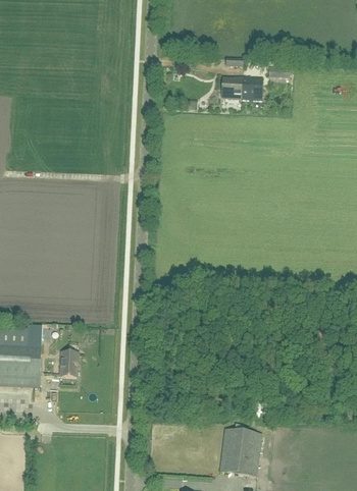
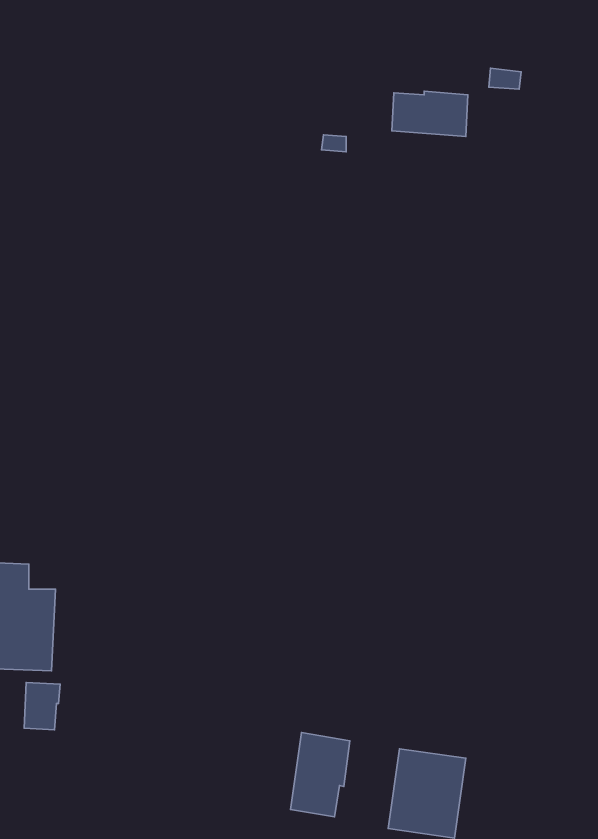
building: [59,350,79,376] -> [24,682,60,730]
building: none -> [290,733,350,817]

